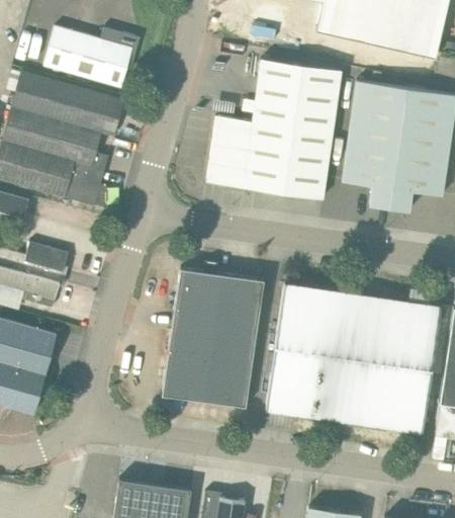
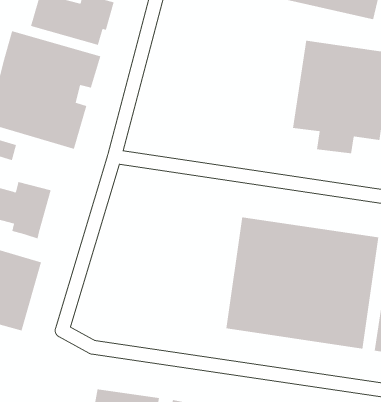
building: [207,60,342,199] -> none
building: [162,268,264,408] -> none

